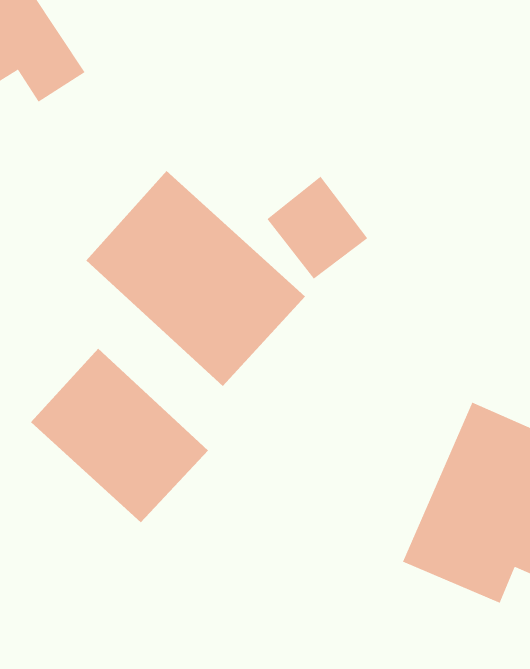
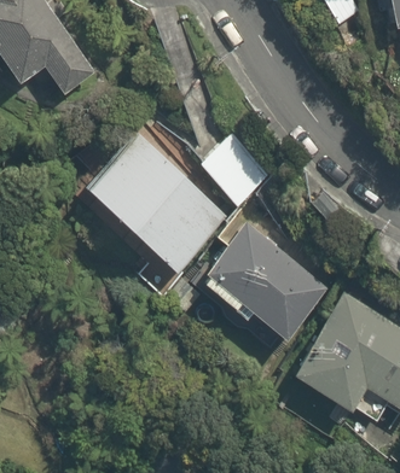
building: none -> [190,211,336,341]
building: [30,348,209,523] -> none

